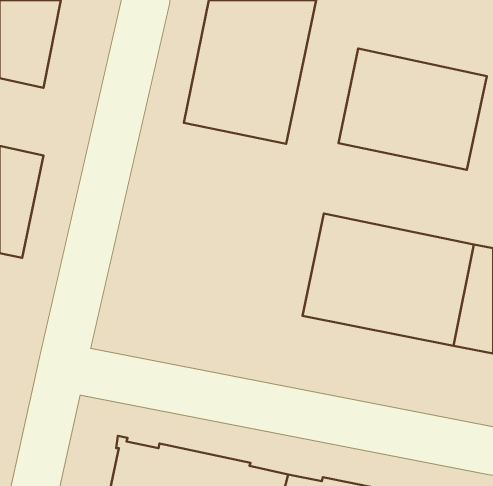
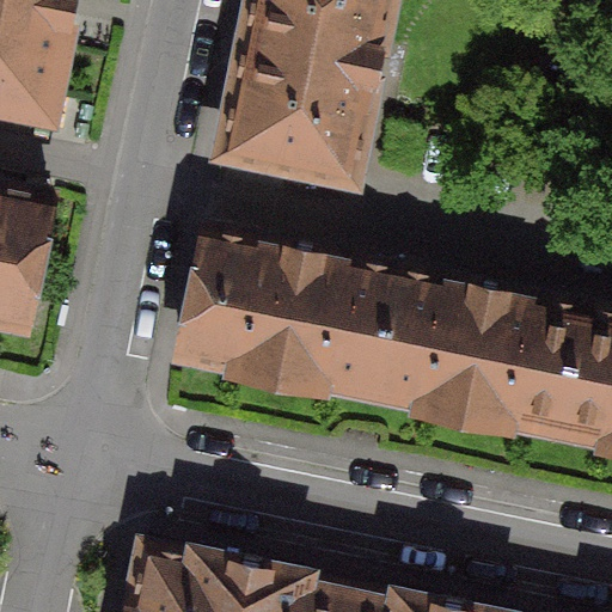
building: [339,49,487,170] -> none
building: none -> [185,234,400,400]

